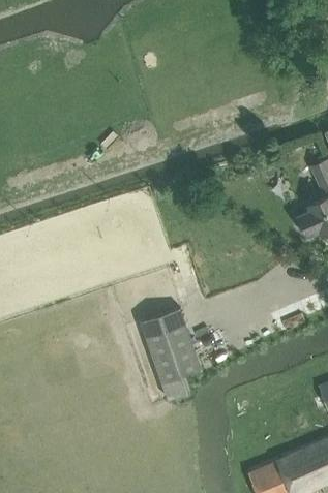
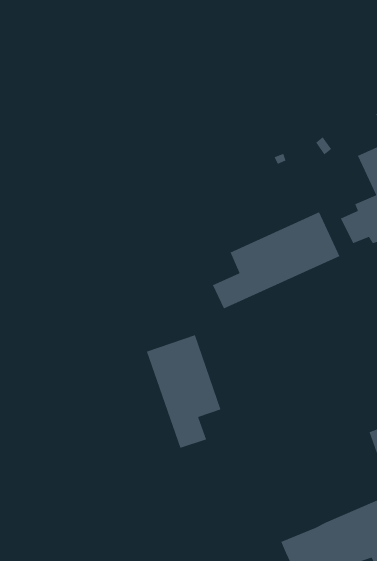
building: none -> [212,211,340,310]

